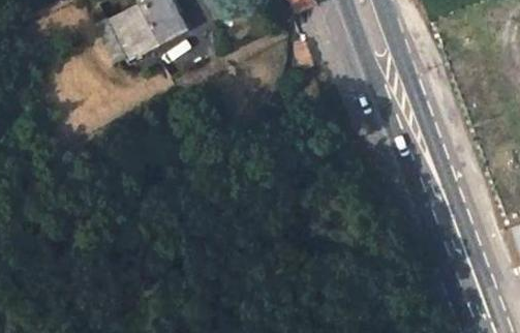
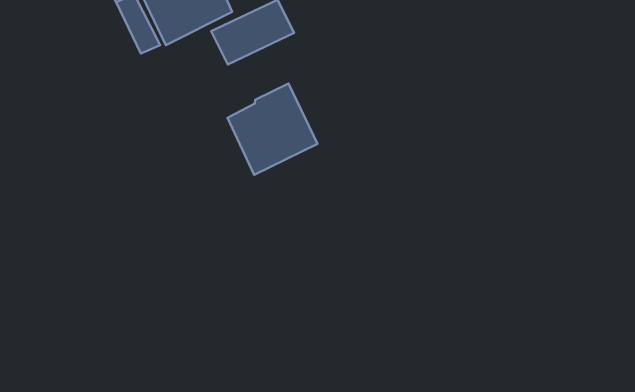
building: none -> [227,84,317,175]

